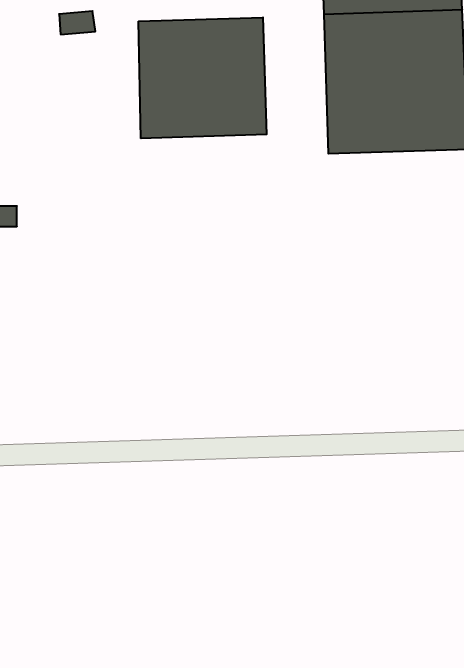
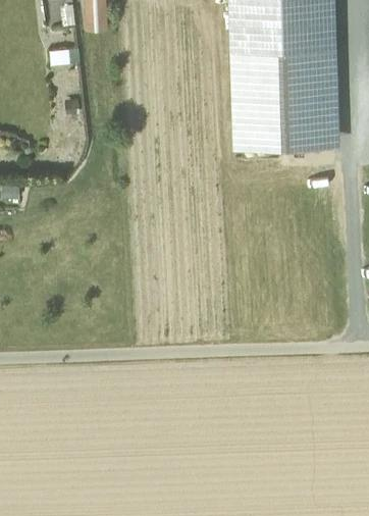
building: [139,17,267,138] -> none

